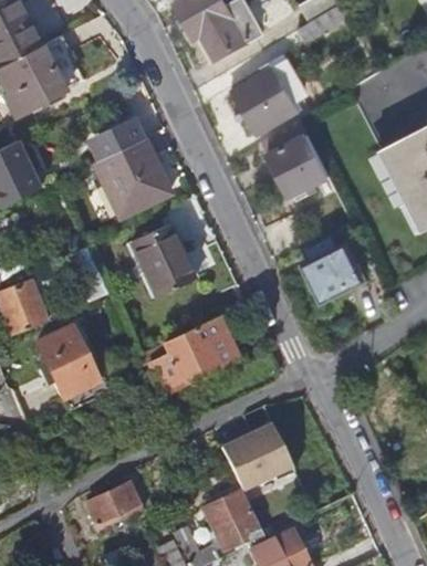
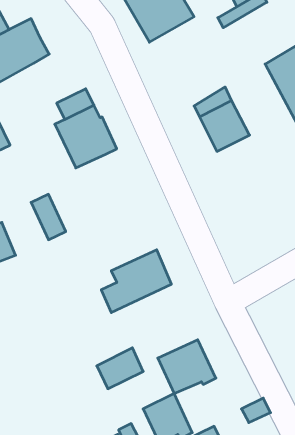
building: [236,66,301,135] -> none
building: [132,224,195,296] -> none
building: [306,233,369,303] -> none
building: [38,324,101,397] -> none
building: [86,482,143,532] -> [97,348,143,389]

